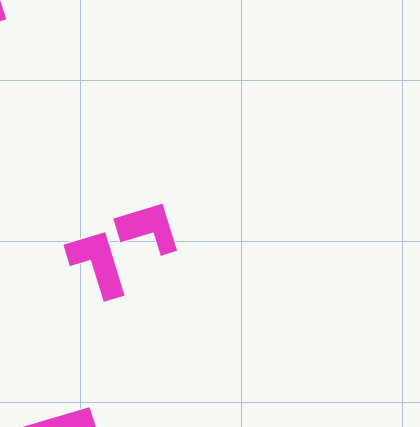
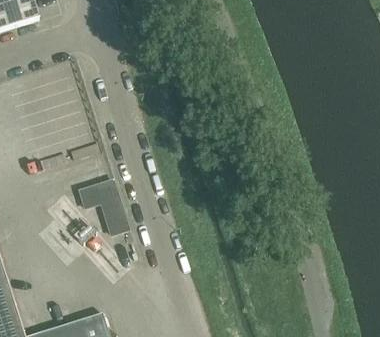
building: [112,203,178,257] -> none

